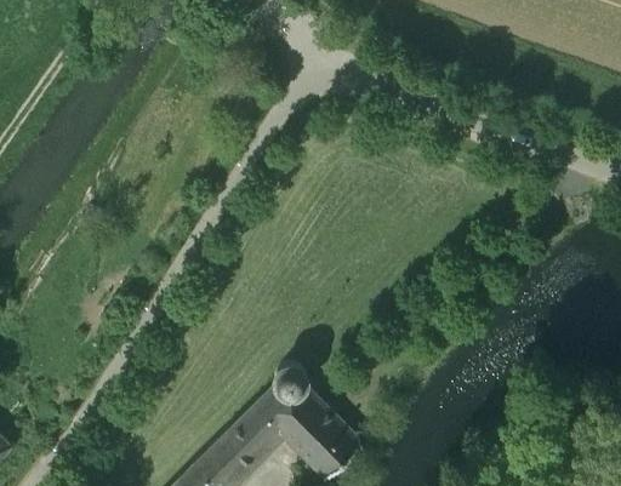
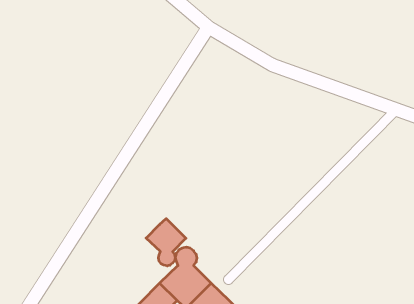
building: none -> [146,219,186,266]

